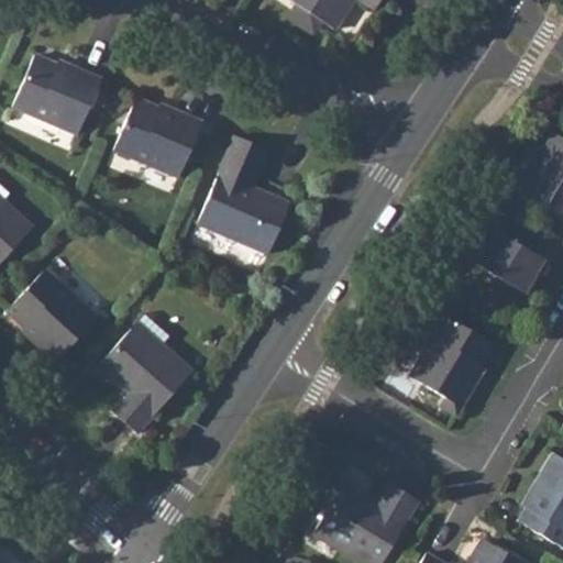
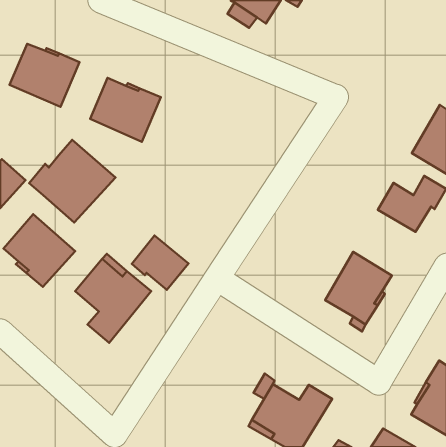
building: [198,135,290,254] -> none
building: none -> [29,140,116,223]
building: none -> [132,235,189,290]

